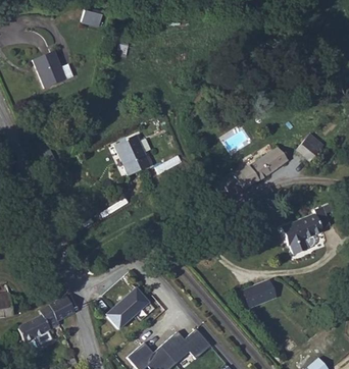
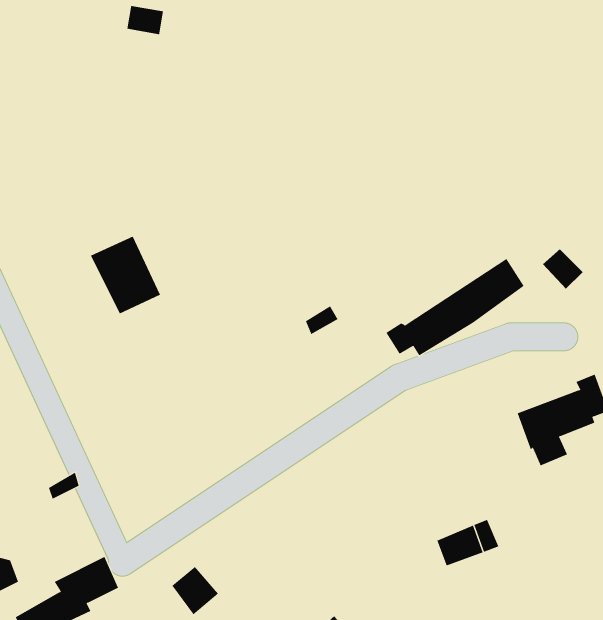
building: [27,50,59,88] -> none
building: [120,136,157,176] -> [90,236,161,314]
building: [118,287,148,317] -> none

